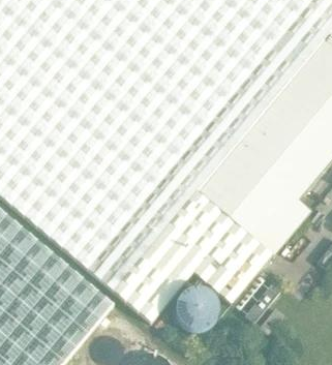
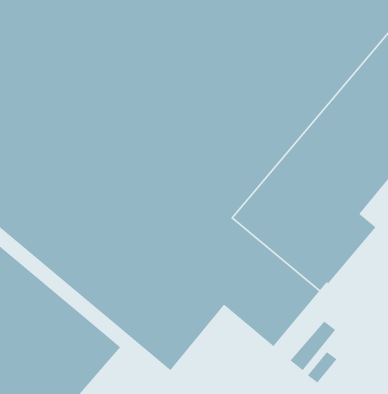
building: [172,282,225,335] -> none

